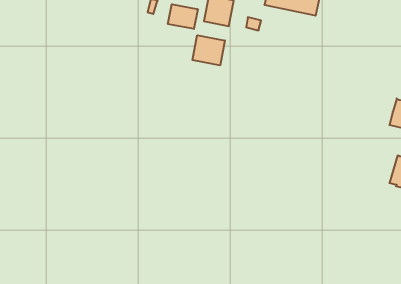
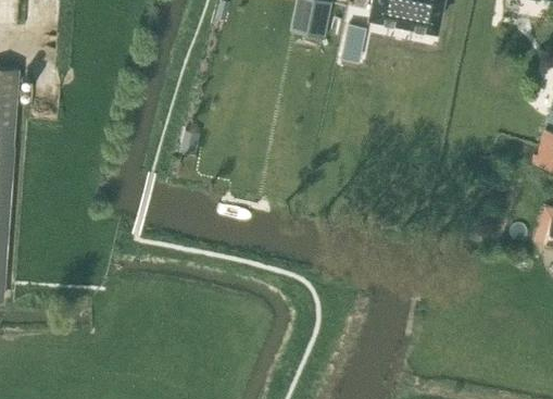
building: [168,4,198,29] -> none
building: [192,35,225,65] -> none

